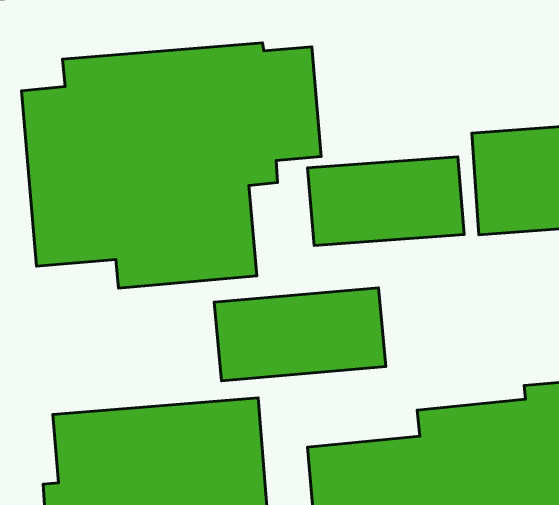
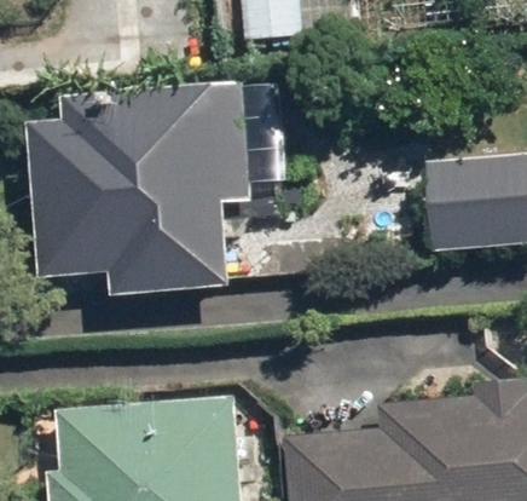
building: [308,157,464,246] -> none
building: [214,288,386,381] -> none

